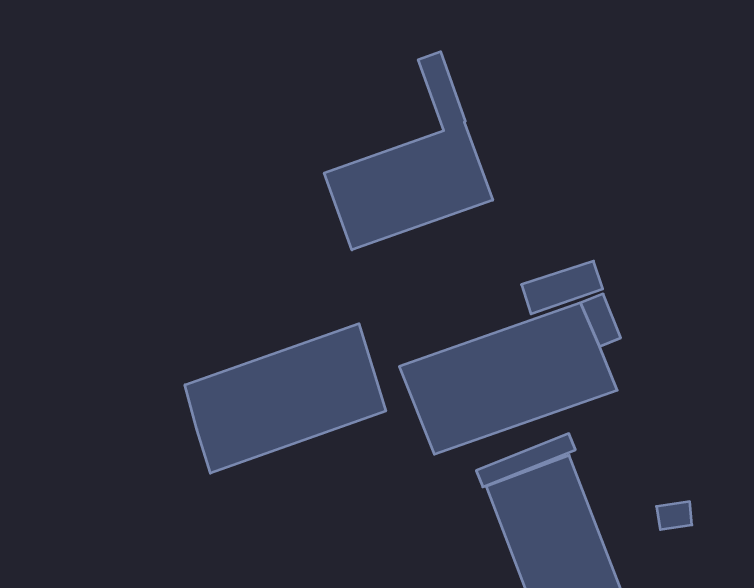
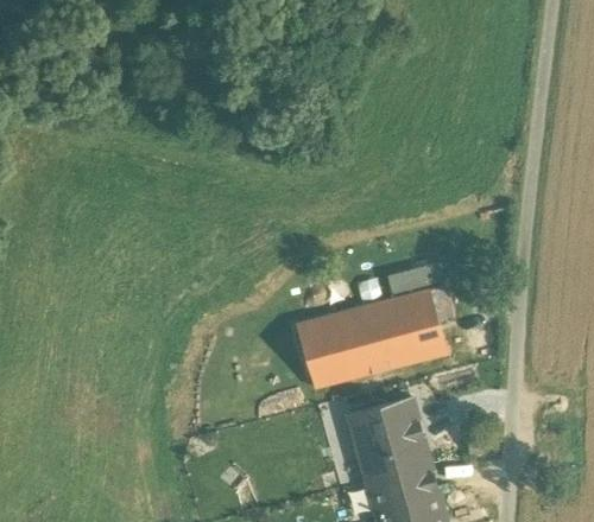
building: [324,52,493,250] -> none
building: [185,324,386,473] -> none

